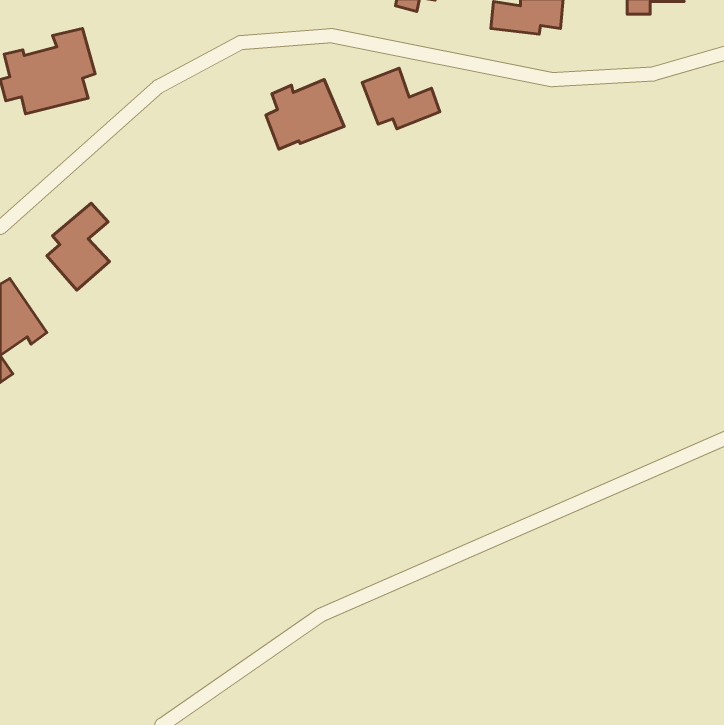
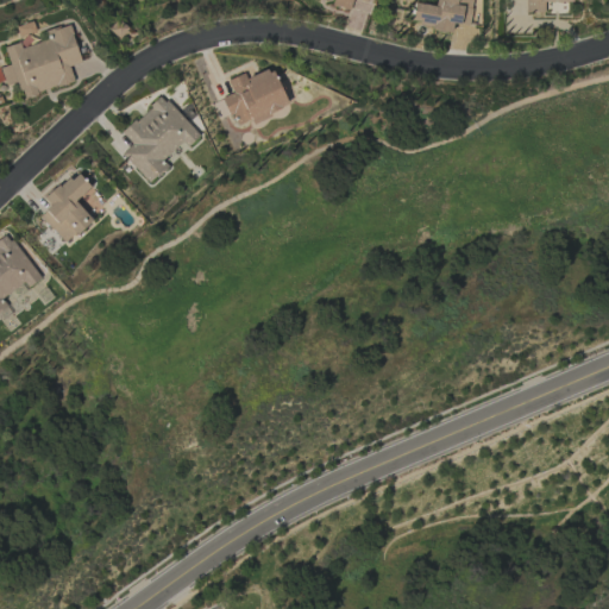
building: [362,68,440,129] -> none
building: none -> [123,94,201,182]

